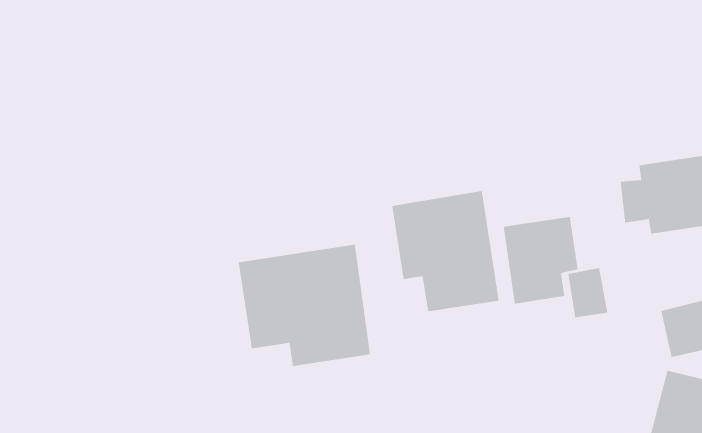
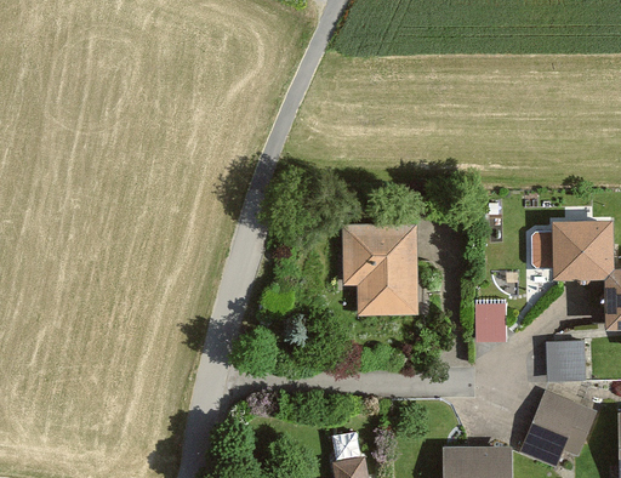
building: [503,216,578,304] -> none
building: [238,244,371,367] -> none

